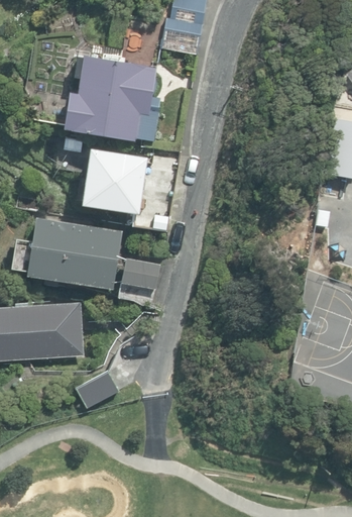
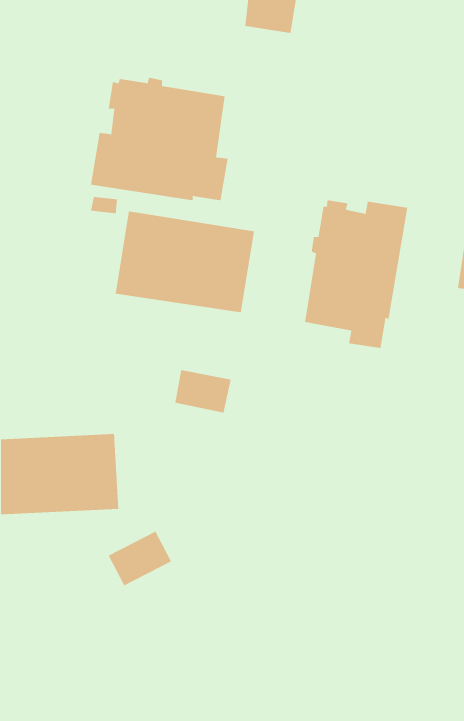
building: none -> [304,199,408,349]
building: [27,217,123,290] -> none

